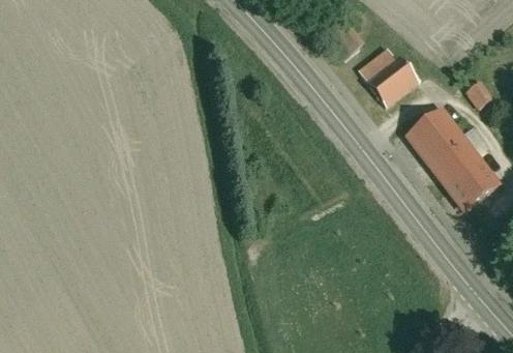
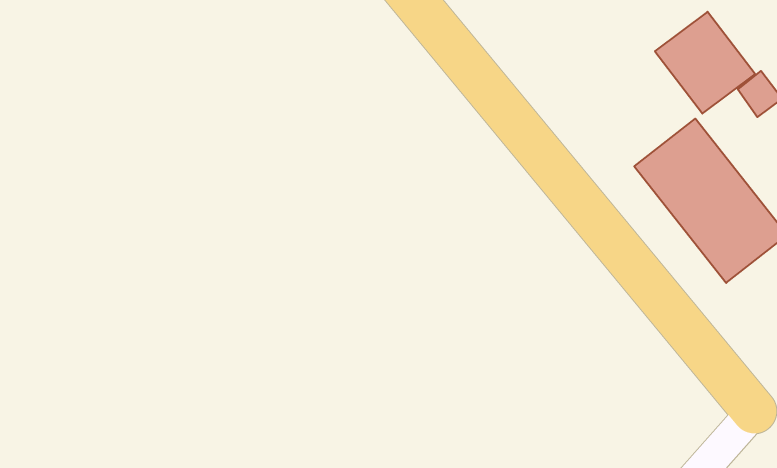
building: [356,43,419,108] -> [655,12,755,114]

